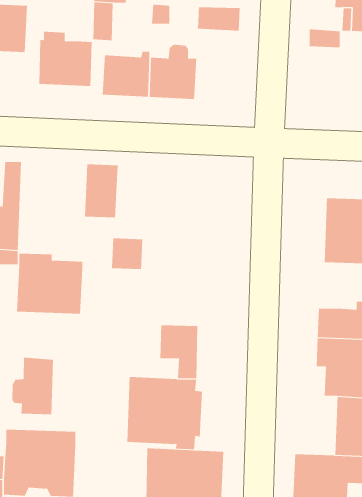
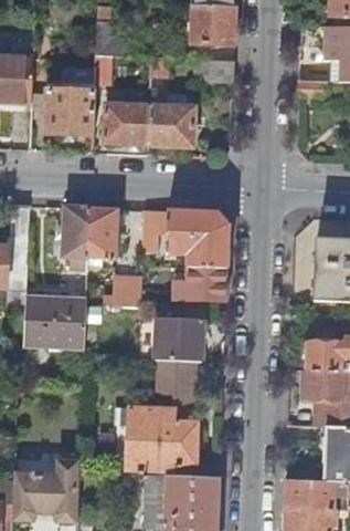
building: none -> [64,206,89,269]
building: none -> [144,210,227,298]
building: none -> [156,308,203,360]
building: [12,357,54,415] -> none

